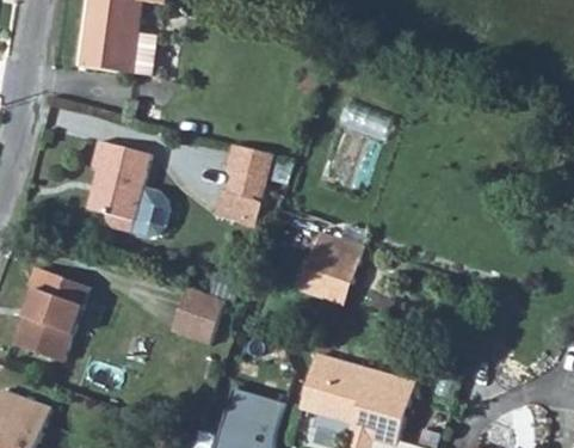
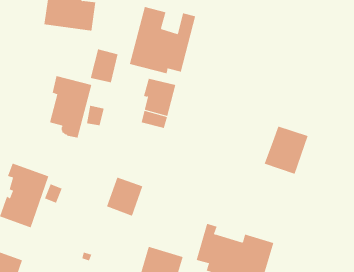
building: none -> [129,6,196,74]
building: none -> [90,49,118,83]
building: [298,232,363,302] -> [264,126,308,174]

